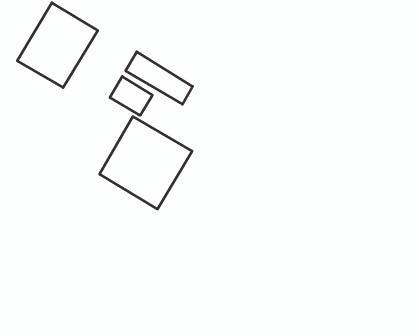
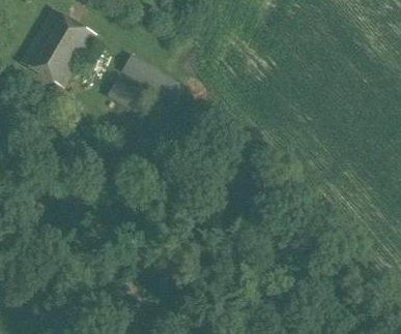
building: [100,117,192,209] -> none

